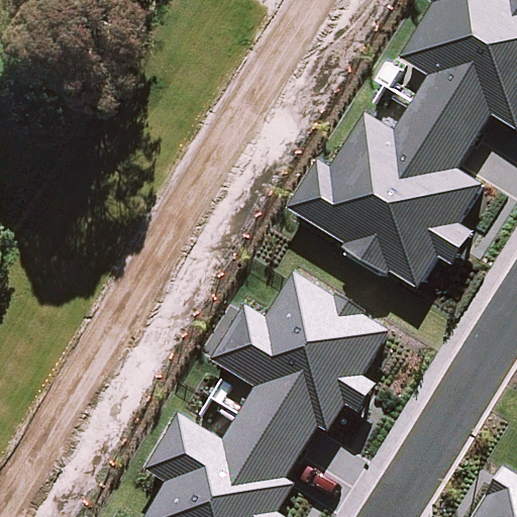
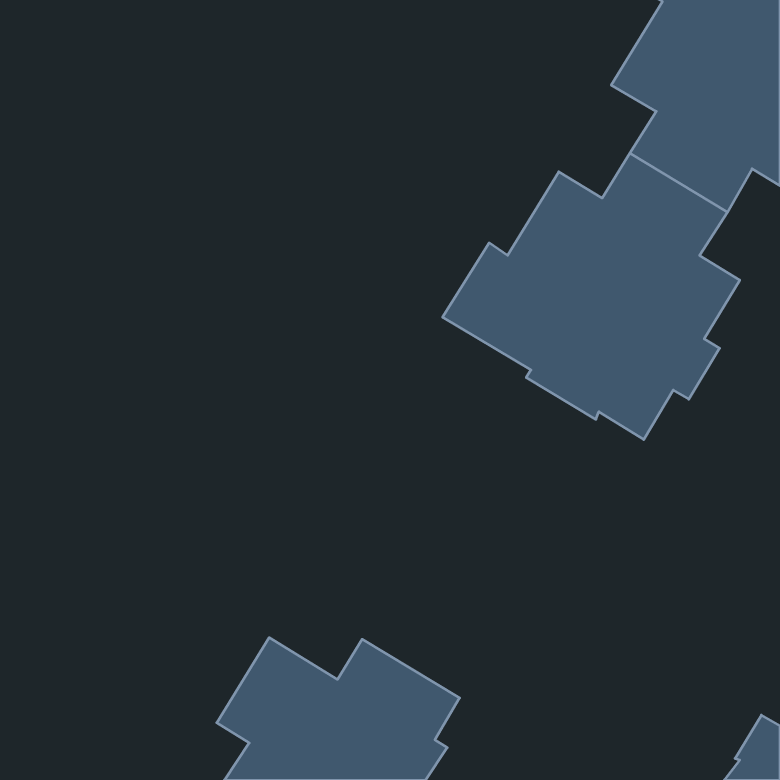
building: [208,276,387,455] -> none

